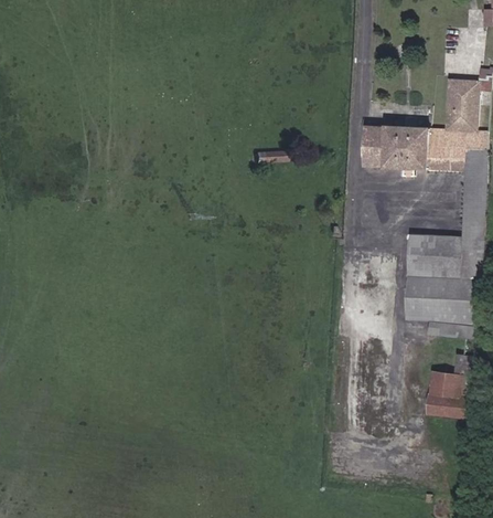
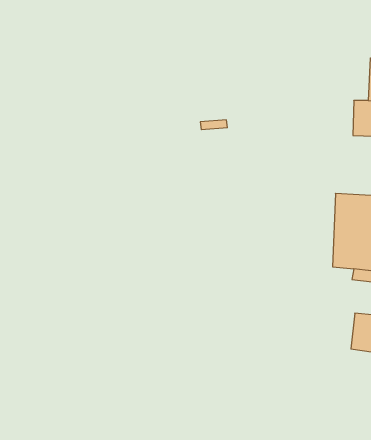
building: [363,125,429,168] -> none

